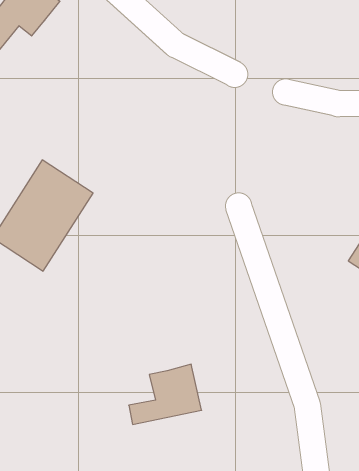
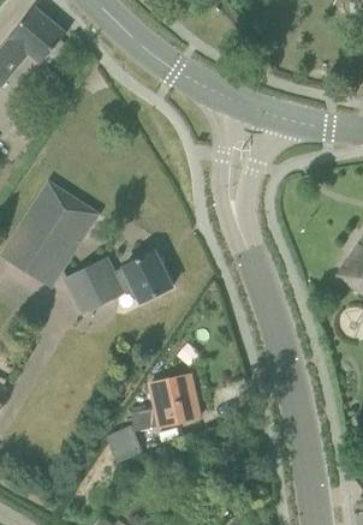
building: none -> [66,251,172,314]
building: none -> [105,425,143,464]

